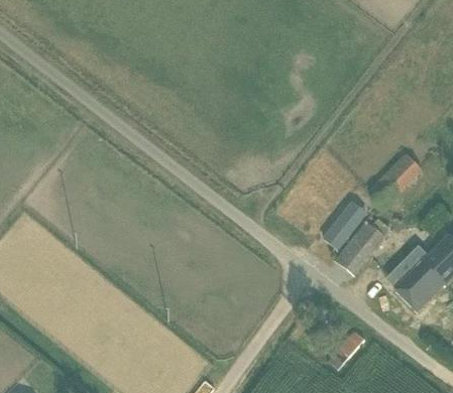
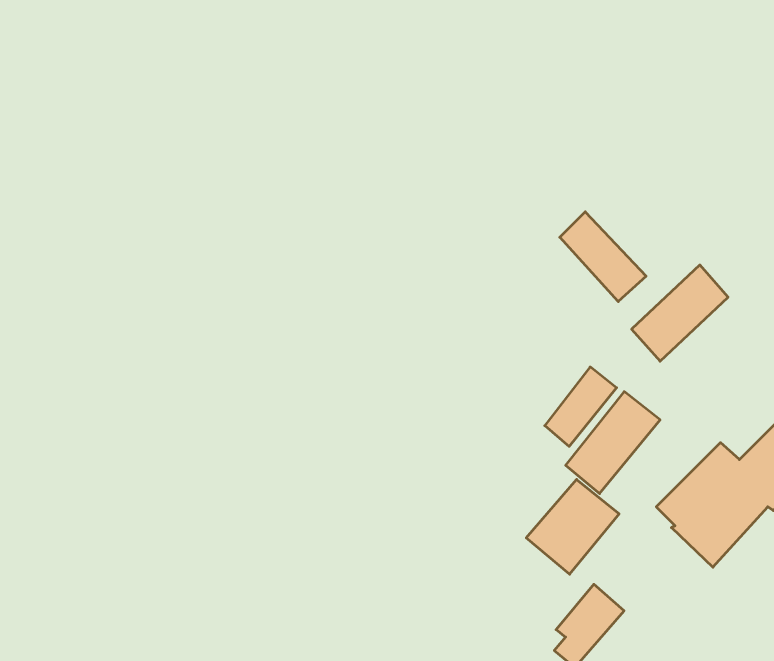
building: none -> [560,212,646,302]
building: none -> [526,479,619,574]

